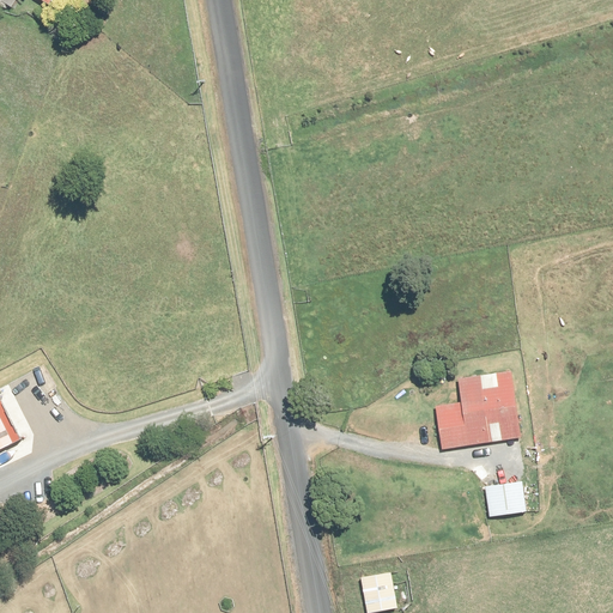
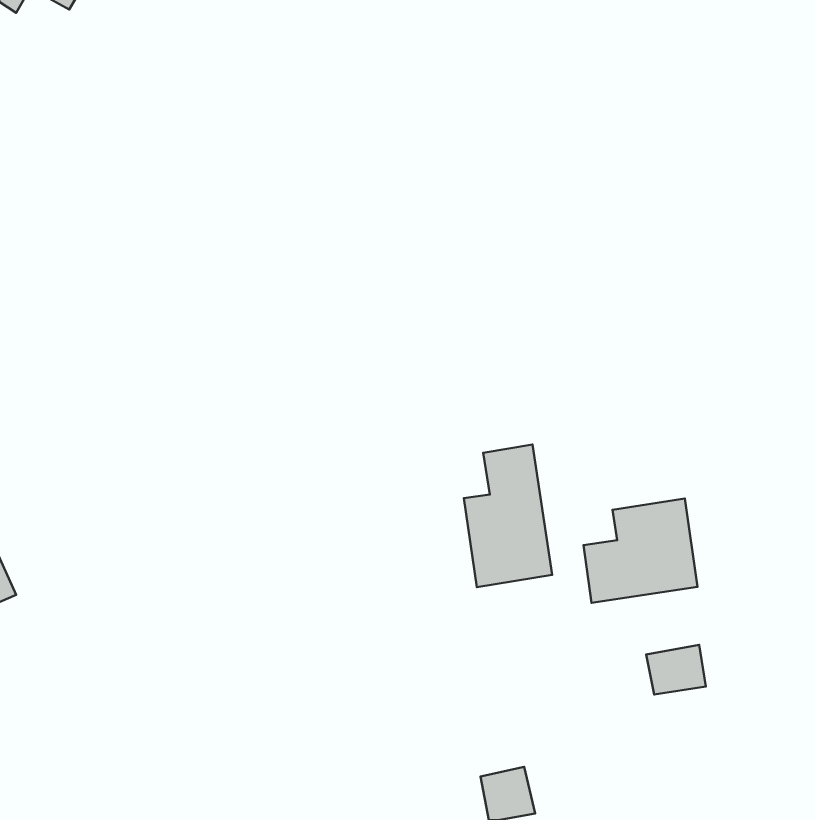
building: none -> [464,445,552,587]

